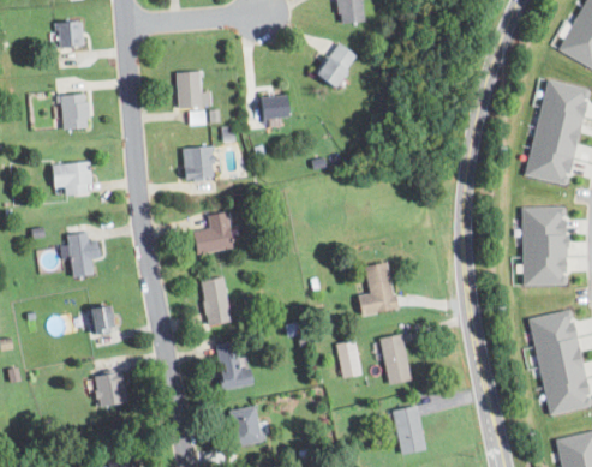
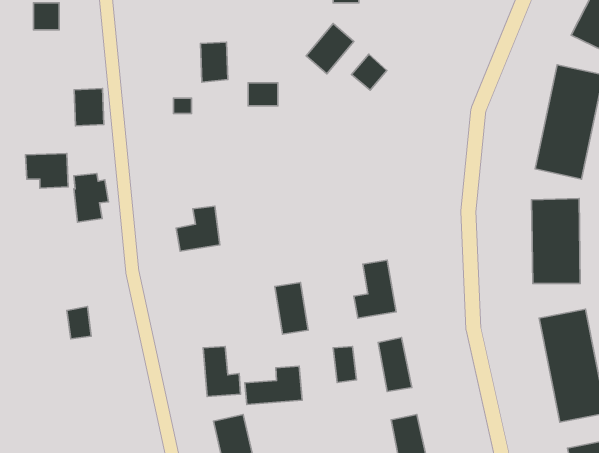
building: none -> [352,54,387,90]
building: [177,71,202,108] -> [201,42,228,82]
building: [61,94,89,128] -> [74,88,104,126]
building: [183,146,214,179] -> none
building: [67,232,100,277] -> [74,173,109,222]
building: [201,276,232,324] -> [275,283,308,334]
building: none -> [245,366,302,405]
building: [94,371,128,408] -> none

